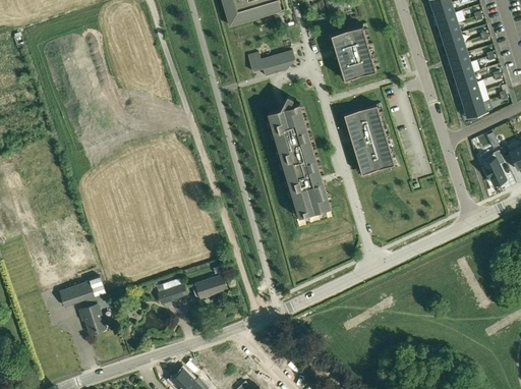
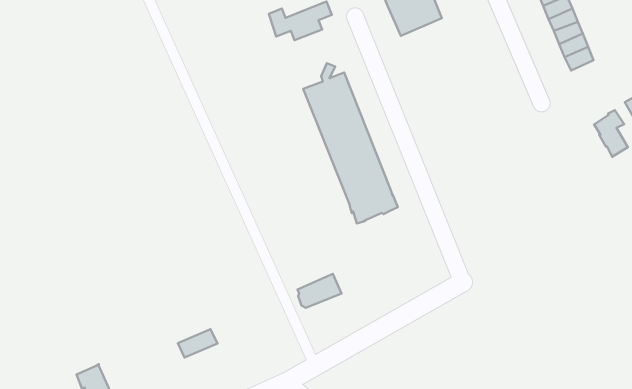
building: [343,105,394,176] -> none
building: [194,276,227,299] -> [297,274,342,308]
building: [58,278,107,308] -> none

